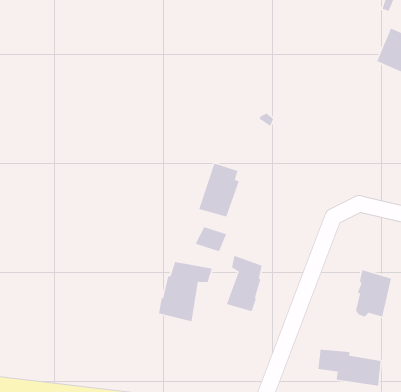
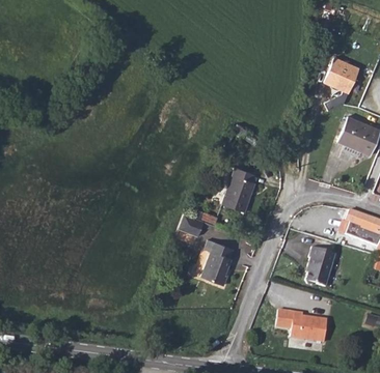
building: [198,163,240,217] -> [221,164,254,207]
building: [158,261,213,322] -> none

